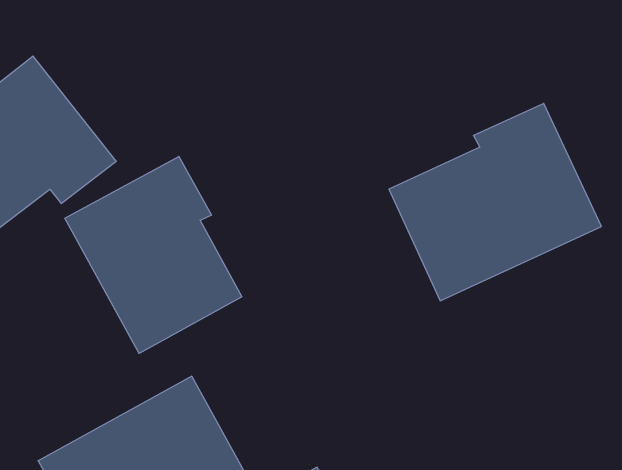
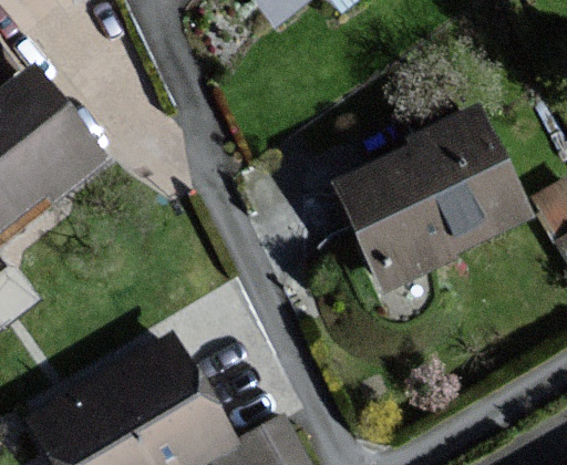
building: [65,156,242,353] -> none

